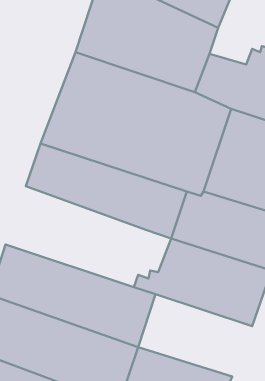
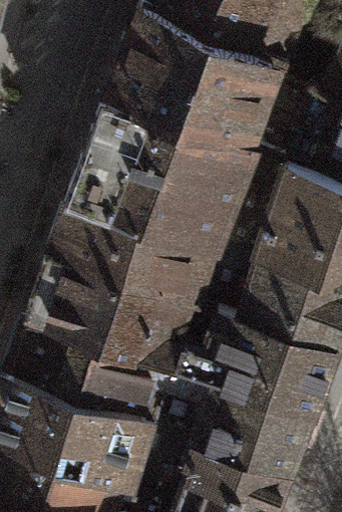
building: none -> [30,251,197,367]
building: none -> [183,375,314,471]

